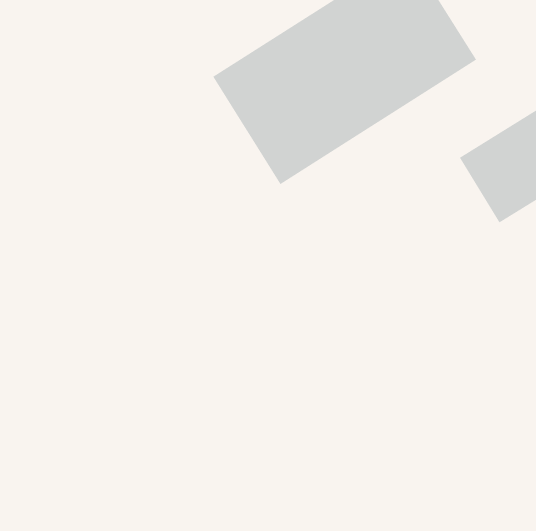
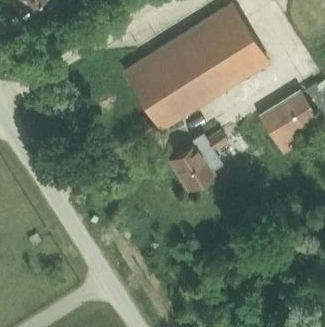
building: none -> [168,125,239,193]

